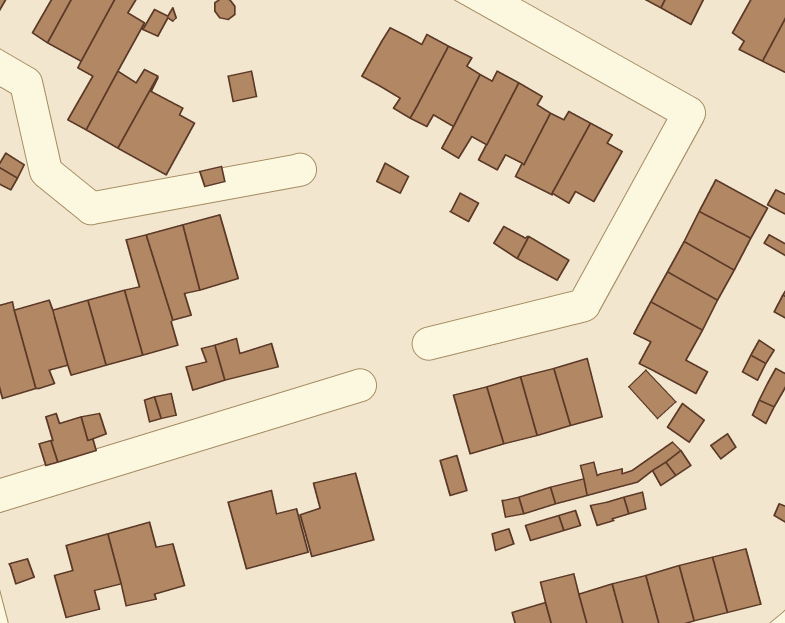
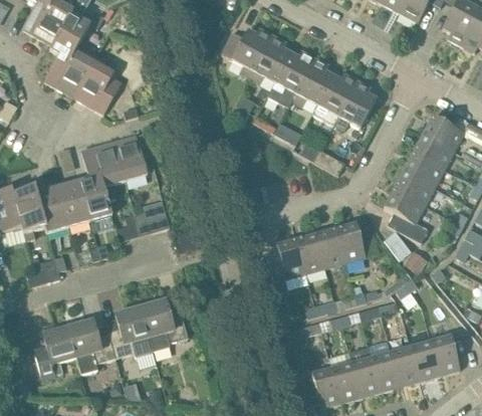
building: [300,473,374,557] -> [107,308,152,359]

